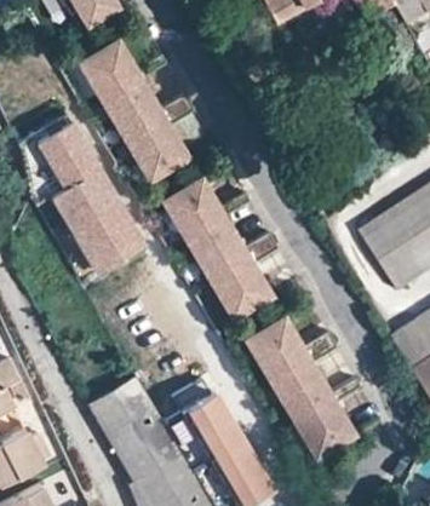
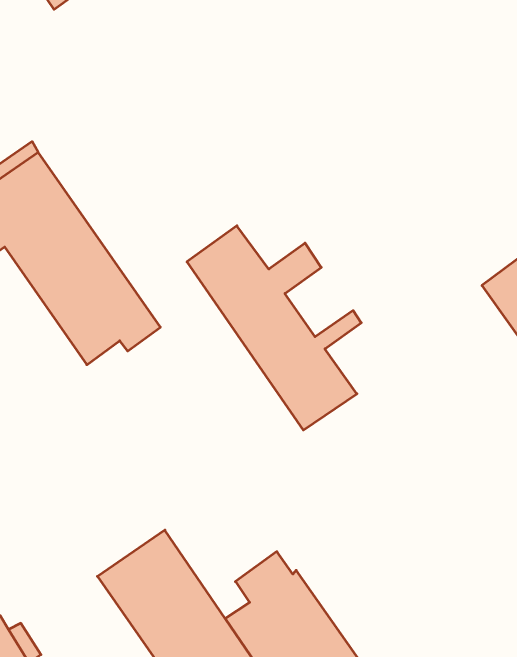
building: [80,40,194,179] -> none
building: [248,316,362,455] -> none

